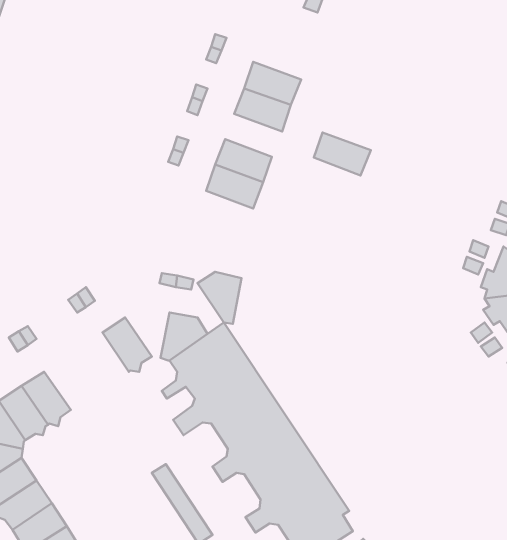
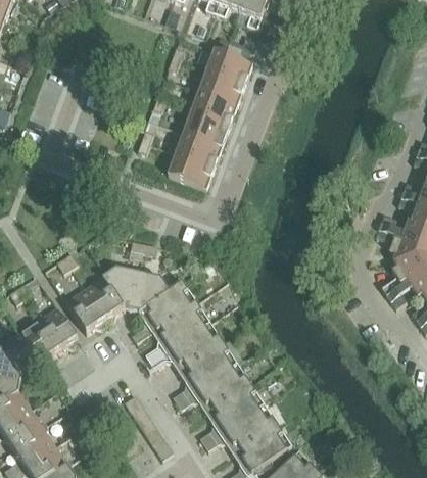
building: none -> [205,46,252,82]
building: [314,132,371,175] -> [183,109,229,144]
building: [197,272,242,324] -> [102,265,138,306]
building: none -> [64,286,105,330]
building: none -> [37,304,78,348]

